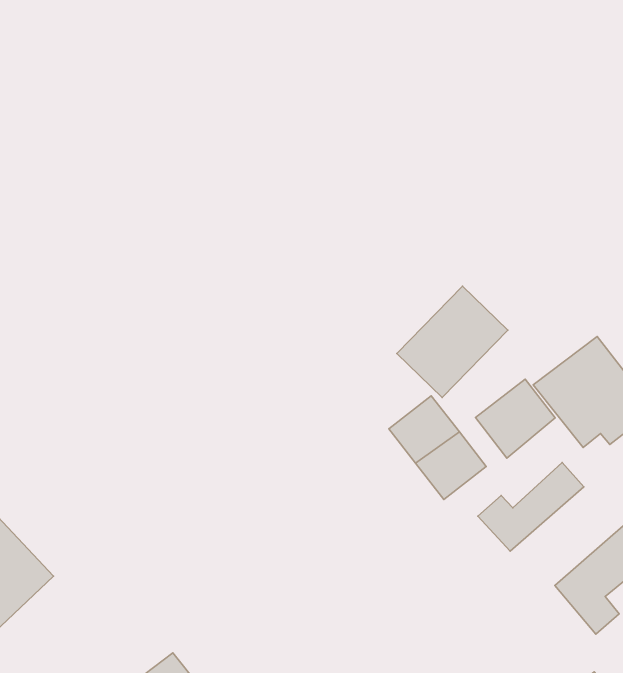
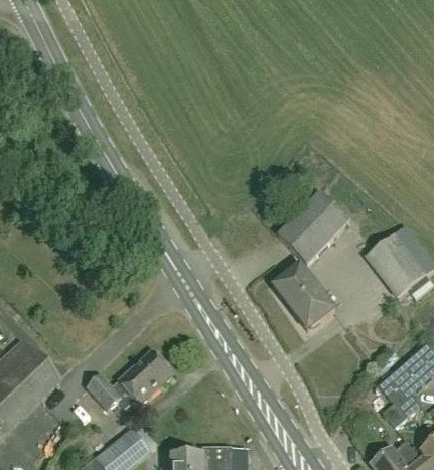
building: [476,379,555,458] -> none
building: [478,462,584,551] -> none
building: none -> [87,349,173,409]

